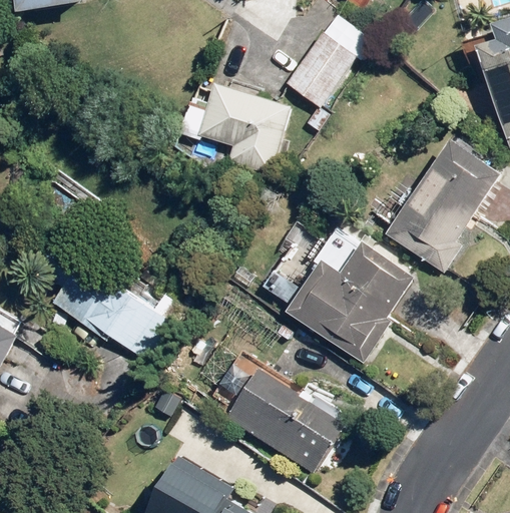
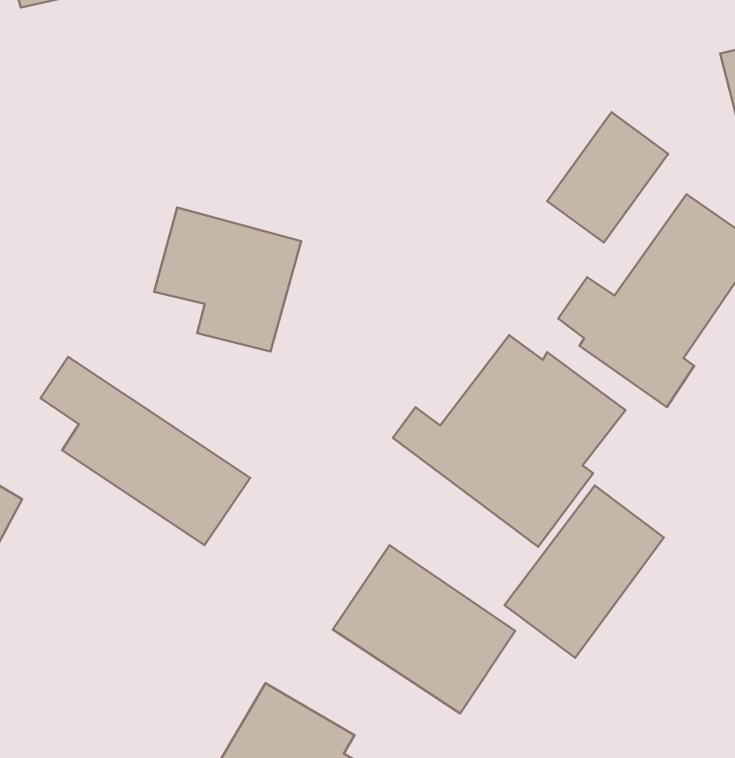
building: [281,25,360,110] -> [547,112,668,243]
building: [196,81,293,175] -> [154,207,301,351]
building: none -> [505,486,664,658]

